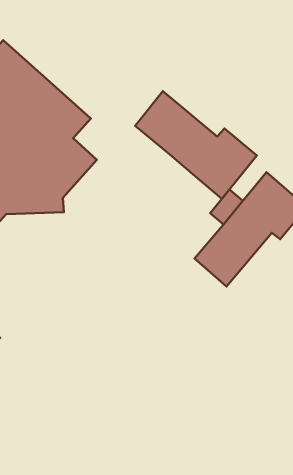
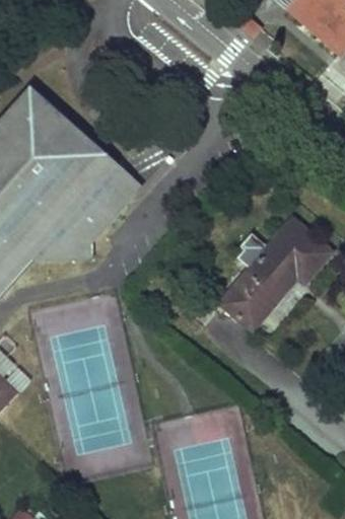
building: [135,91,257,199] -> none
building: none -> [100,164,141,205]

